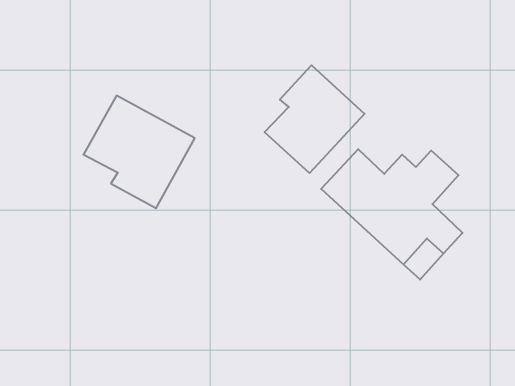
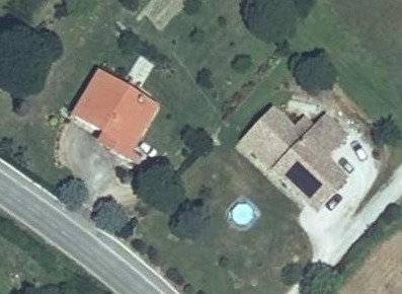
building: [265,65,365,173] -> none

